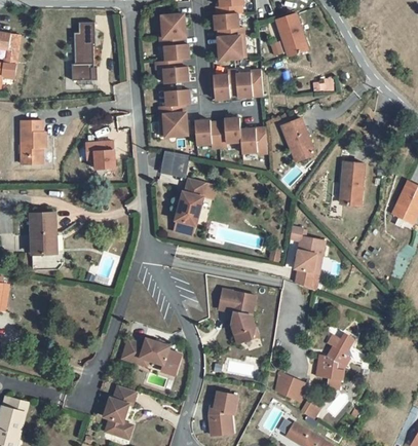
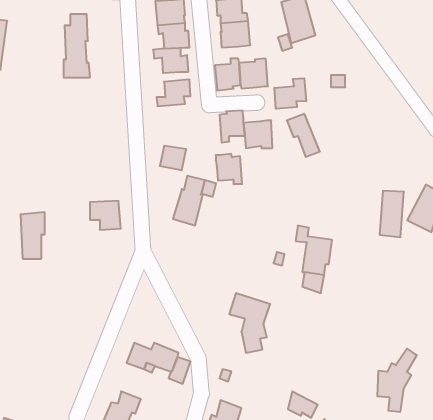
building: none -> [274,78,306,109]
building: [158,111,187,136] -> none
building: [193,119,218,147] -> [216,154,242,184]
building: [24,126,52,170] -> none
building: [86,148,115,175] -> [90,201,121,230]
building: [340,169,363,212] -> [380,191,404,237]
building: [320,337,357,396] -> [377,349,417,412]

